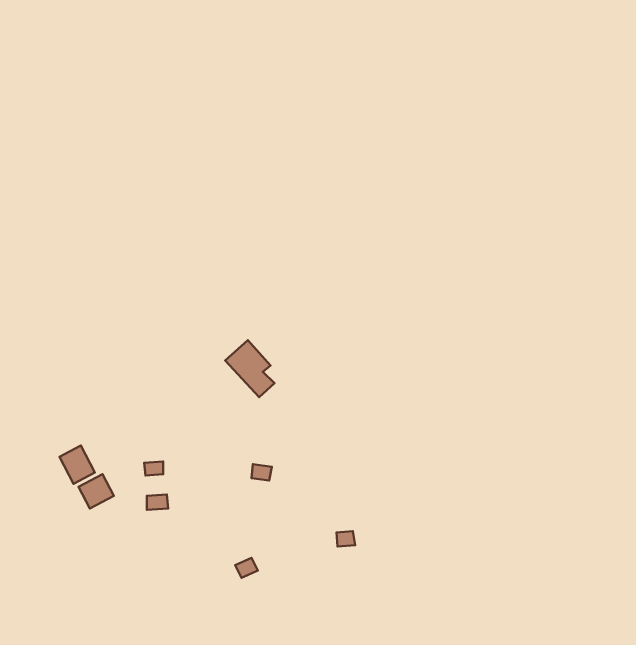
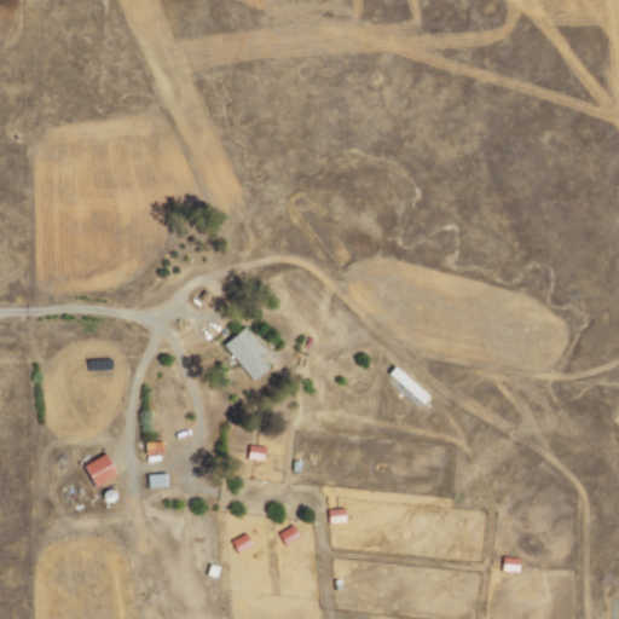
building: [59,445,95,484] -> none

